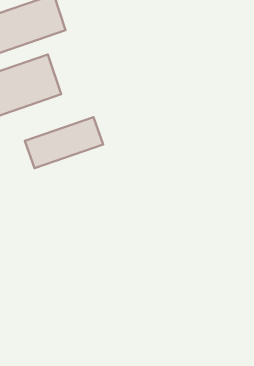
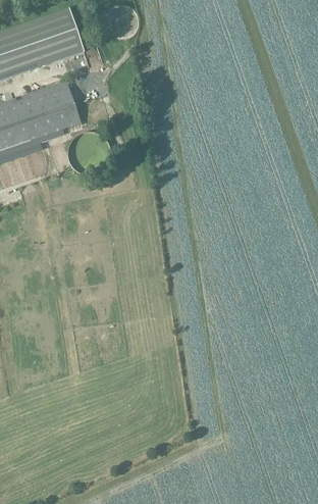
building: [25,117,103,168] -> none

